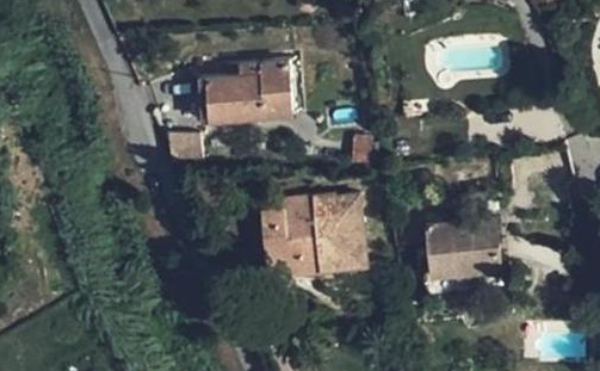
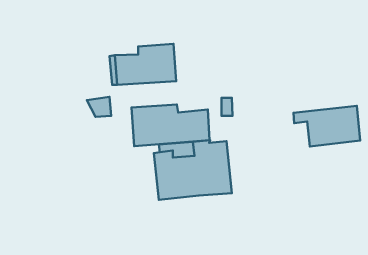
building: none -> [132,105,209,146]
building: [410,217,502,273] -> [293,106,360,147]

